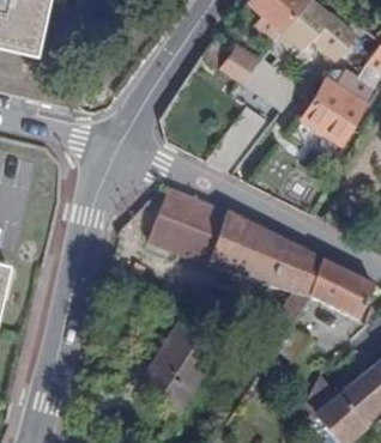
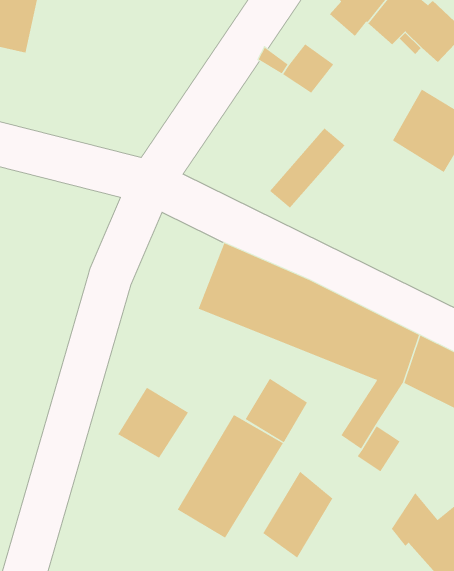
building: none -> [245,378,308,443]
building: none -> [118,387,189,458]
building: none -> [262,471,333,558]

